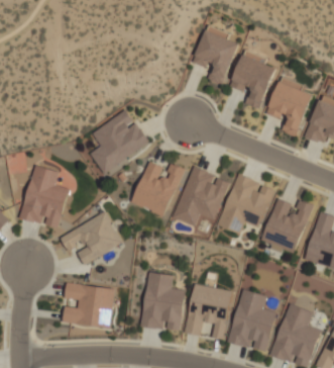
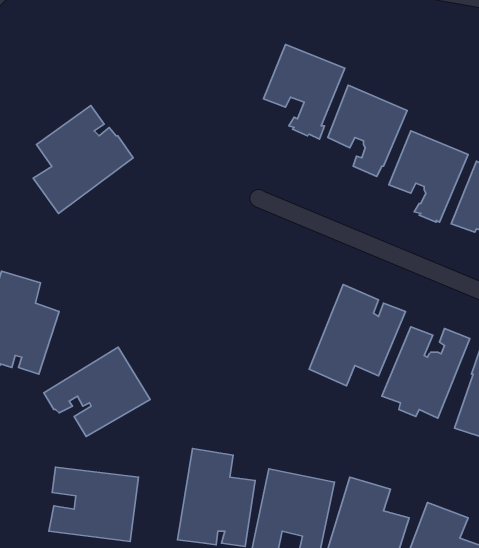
building: [89,109,148,174] -> [33,106,133,214]
building: [131,161,185,215] -> none
building: [173,166,230,225] -> none

